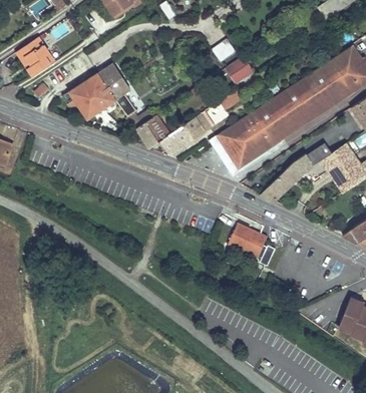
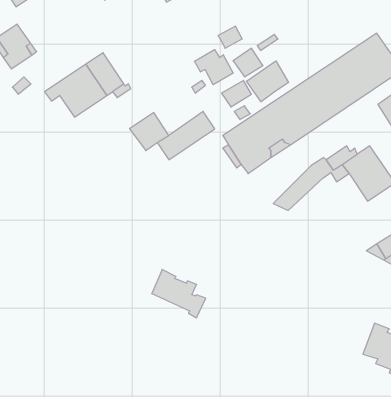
building: none -> [194,50,233,85]
building: none -> [246,61,289,102]
building: [229,223,276,265] -> [152,269,206,318]

